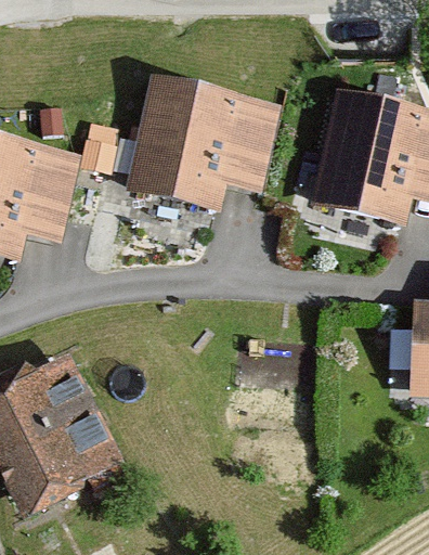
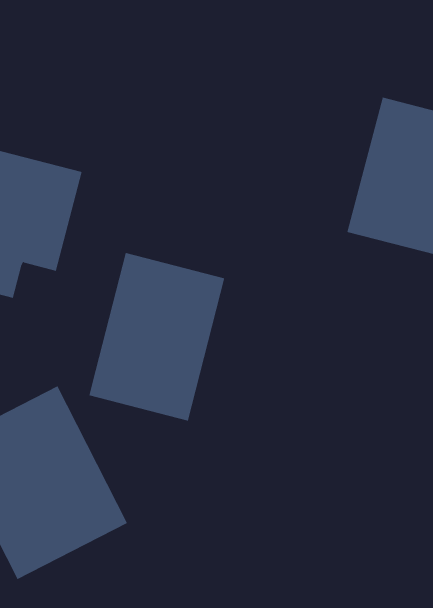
building: [129,69,282,212] -> none
building: none -> [89,252,225,421]

